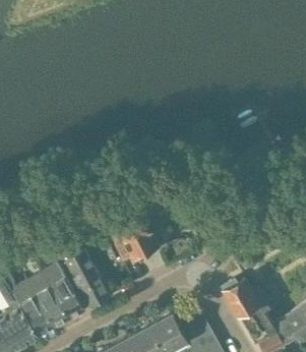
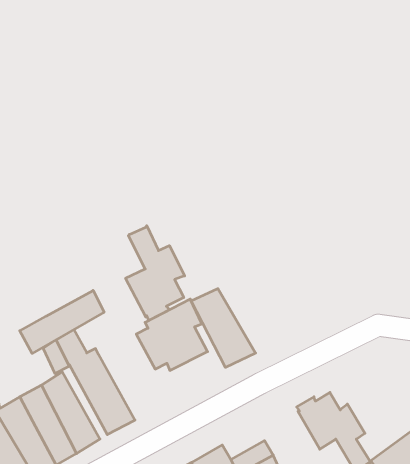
building: none -> [126,226,185,320]
building: none -> [191,289,256,367]
building: none -> [20,290,104,353]

